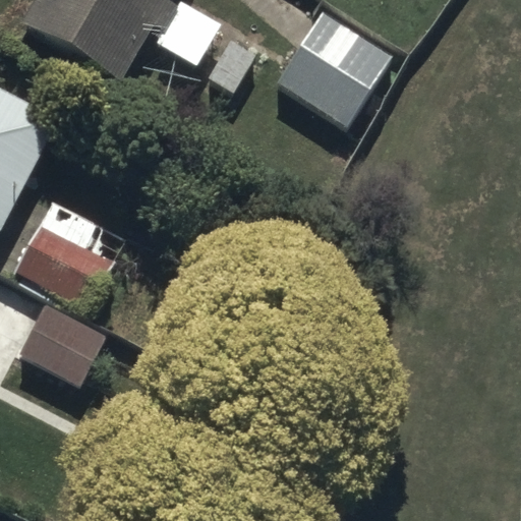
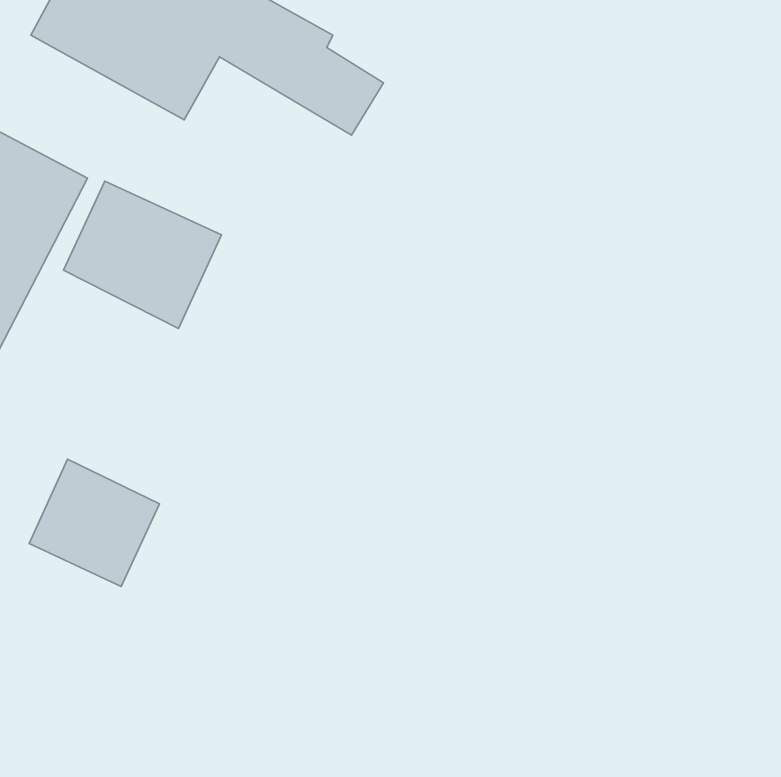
building: [268,11,391,125] -> none
building: [10,221,115,319] -> [64,181,222,329]

